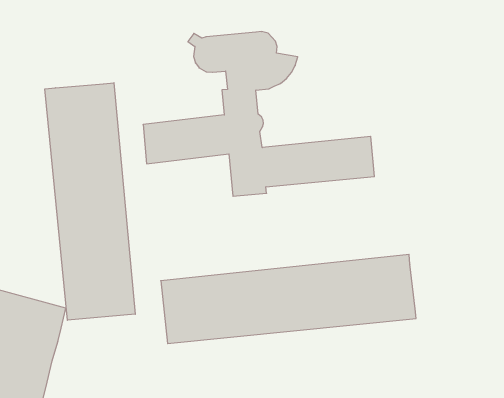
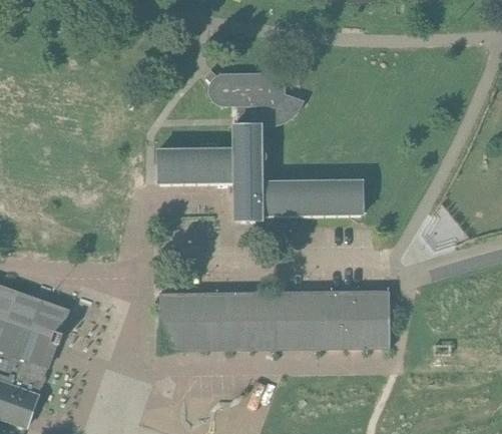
building: [45,83,135,320] -> none

